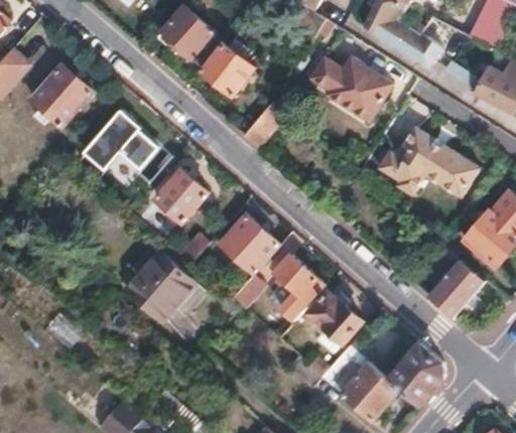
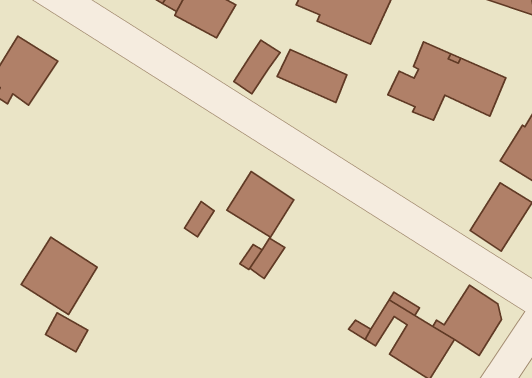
building: [80,110,172,184] -> none
building: none -> [277,49,347,102]
building: [156,170,208,223] -> none
building: [126,253,195,322] -> [21,237,97,314]
building: [262,255,316,316] -> none
building: [309,293,360,342] -> none

